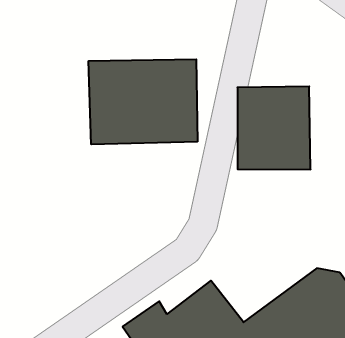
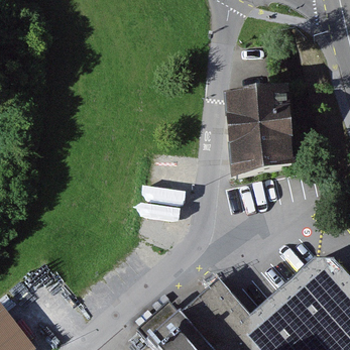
building: [89,59,197,144] -> none

